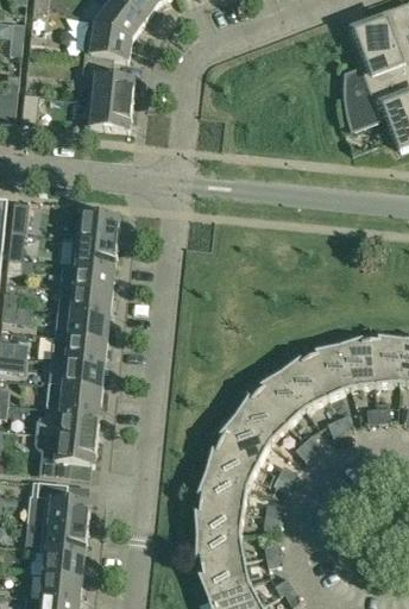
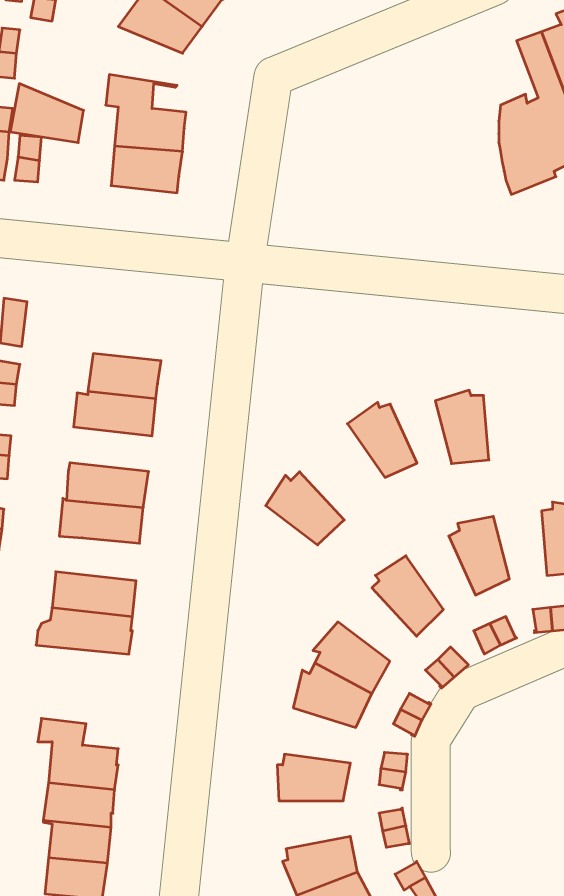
building: [84,19,133,58] -> [10,84,84,143]
building: [62,201,120,241] -> none
building: [58,285,113,315] -> none
building: [340,338,376,387] -> [435,390,489,464]
building: [282,357,328,407] -> [347,402,417,477]
building: [49,358,105,388] -> none
building: [237,393,289,441] -> [266,472,344,545]
building: [34,431,97,476] -> none
building: [199,472,248,509] -> none
building: [196,534,245,566] -> none

